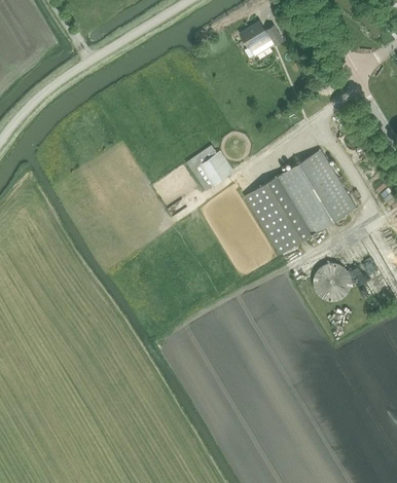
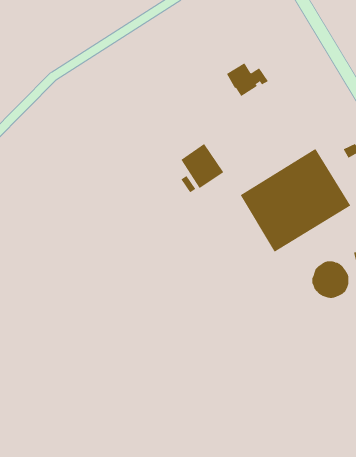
building: [240,21,282,54] -> [226,62,269,97]

